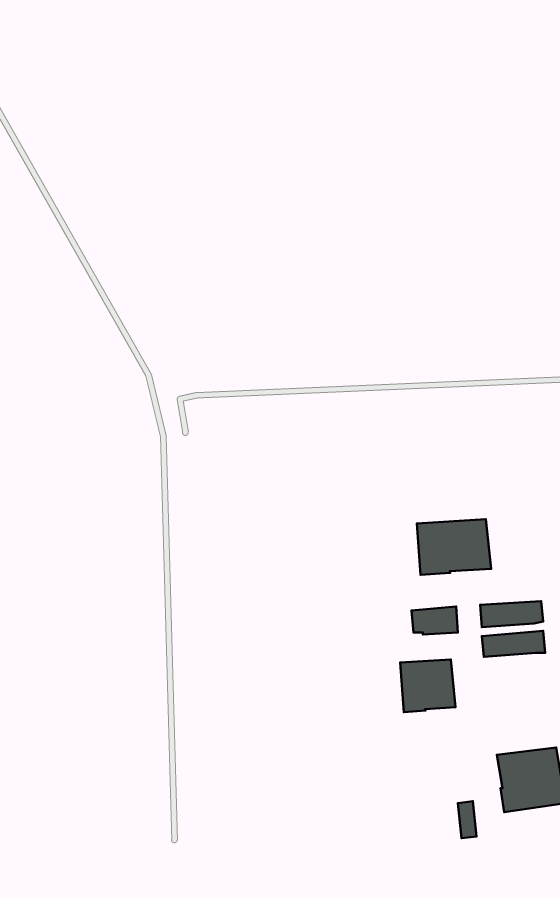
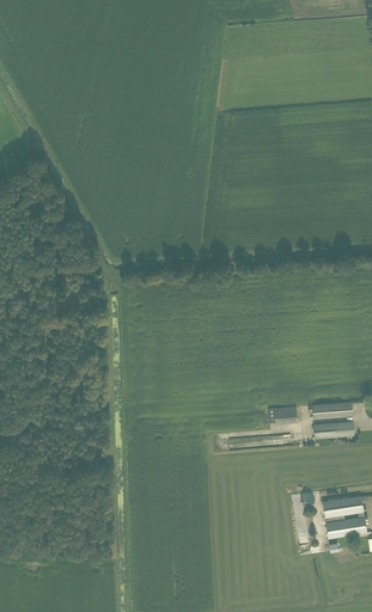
building: [417,519,491,575] -> none
building: [400,659,456,712] -> none

